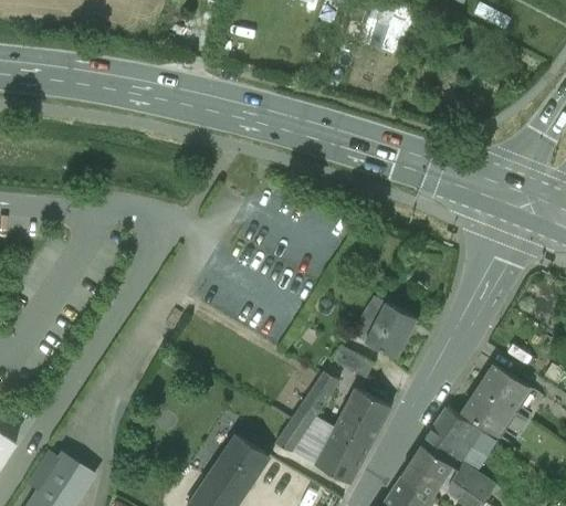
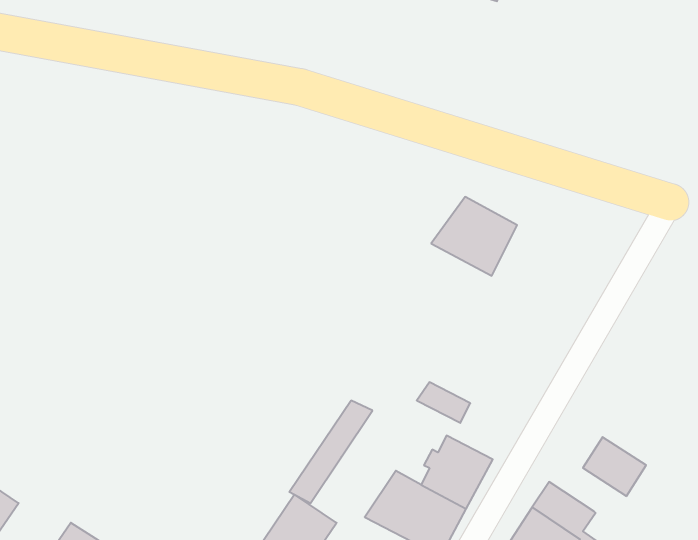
building: [349,296,417,358] -> [431,197,517,276]
building: [478,365,528,411] -> none
building: [274,371,339,452] -> [289,401,372,503]
building: [436,409,491,447] -> none

